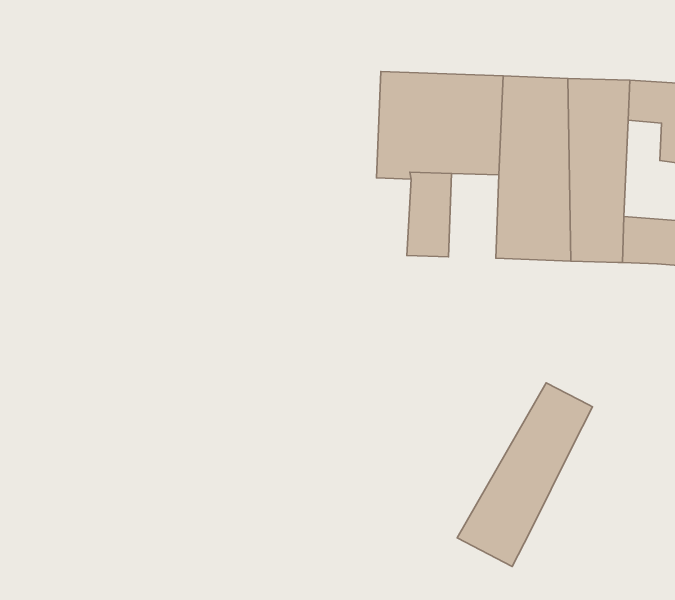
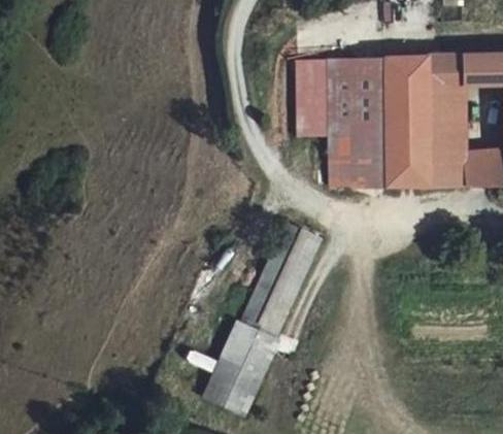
building: none -> [339,127,375,188]
building: none -> [196,223,325,408]
building: [457,383,593,567] -> none

